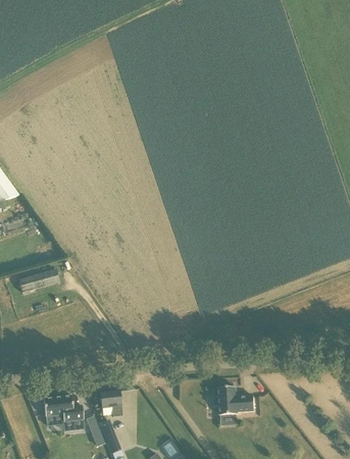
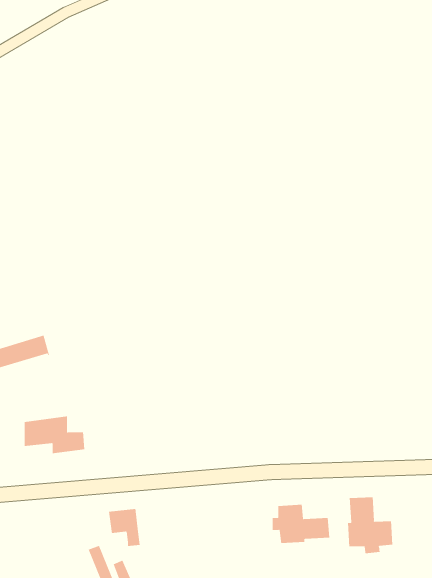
building: none -> [347,497,393,554]
building: [35,396,78,422] -> [24,416,85,454]

